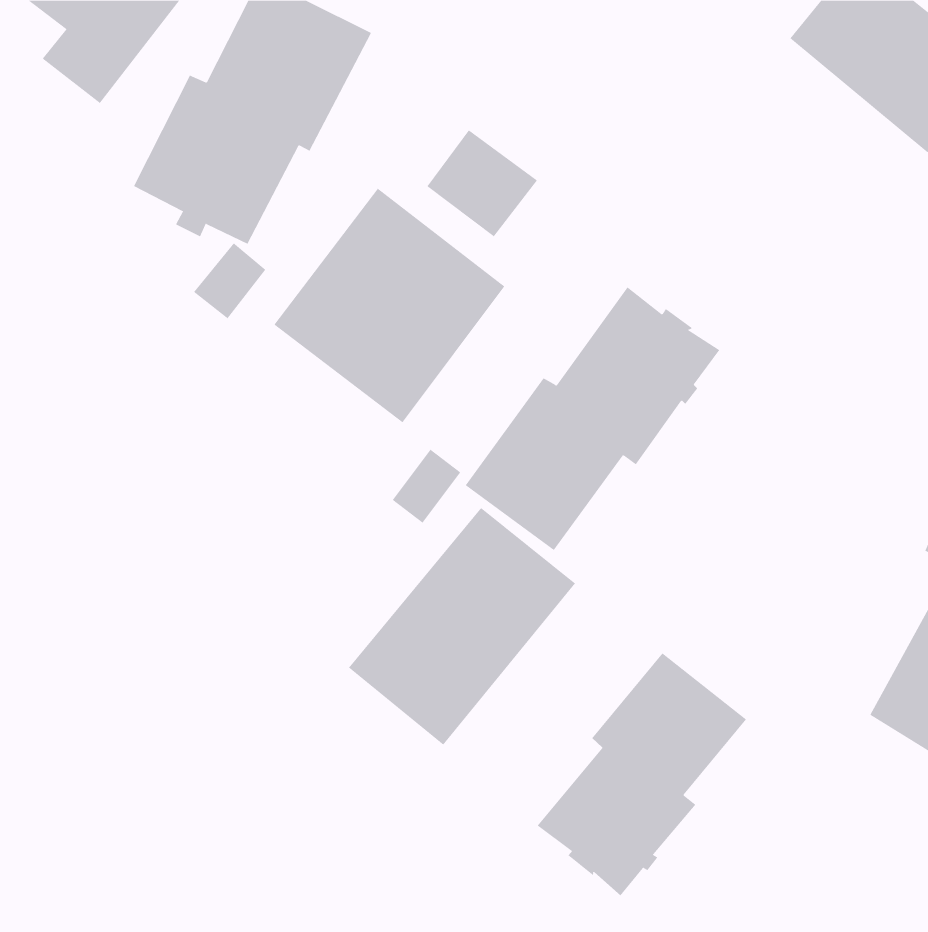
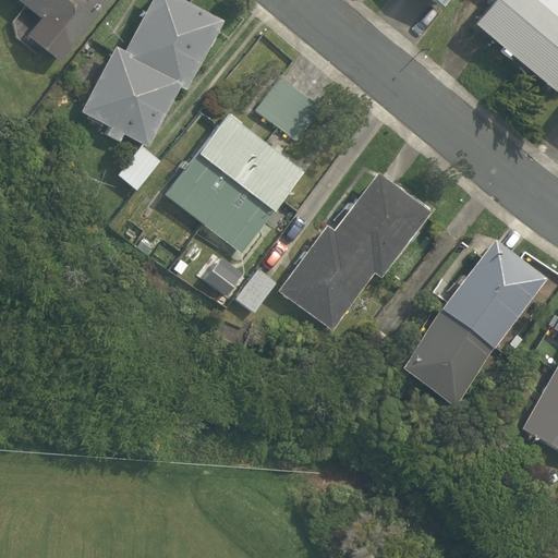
building: none -> [399,238,548,407]
building: [348,507,576,745] -> none
building: [537,652,747,896] -> none

